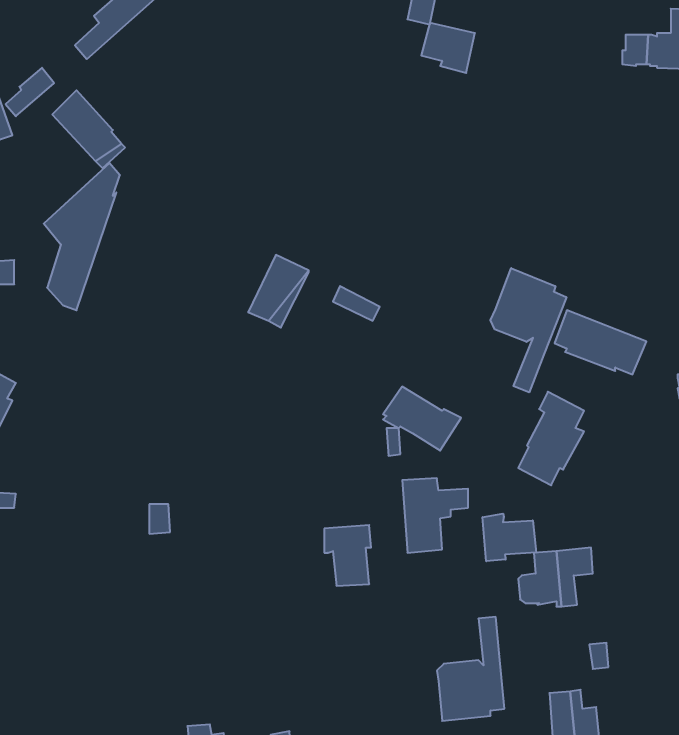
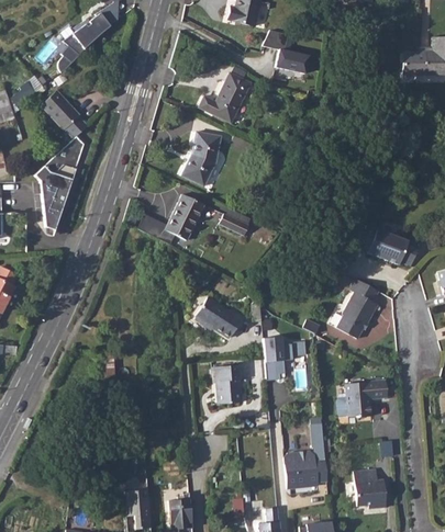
building: none -> [199,71,251,122]
building: none -> [181,131,220,185]
building: [490,268,566,392] -> none
building: [383,387,461,451] -> [193,296,243,337]
building: [483,514,536,561] -> none

